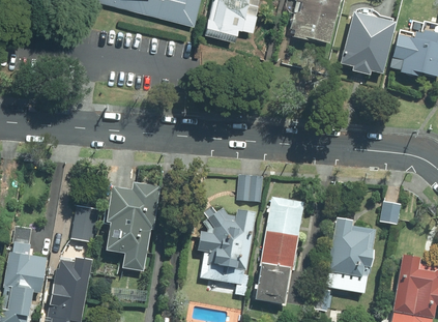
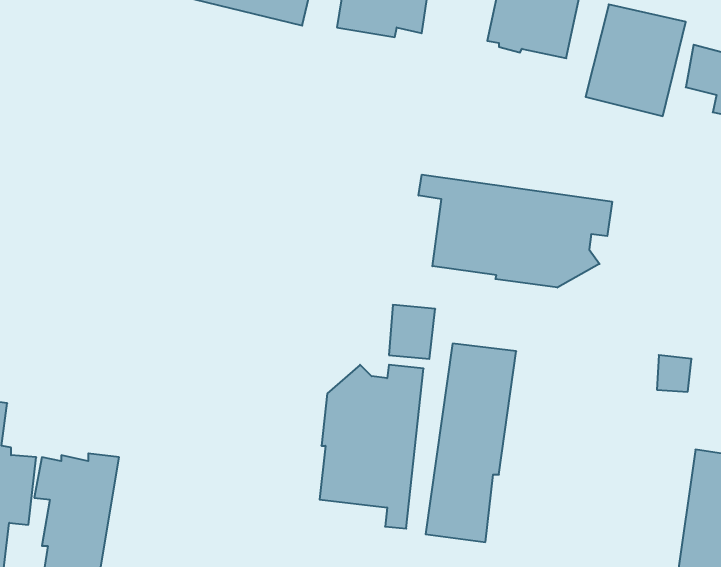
building: none -> [419,175,612,288]
building: [107,183,158,272] -> none
building: [70,206,98,244] -> none
building: [325,216,377,292] -> none

